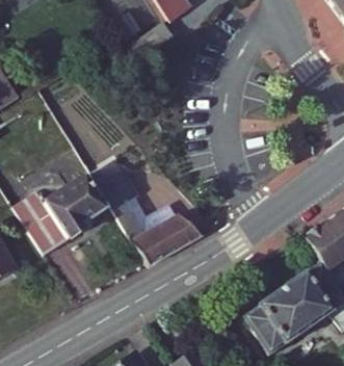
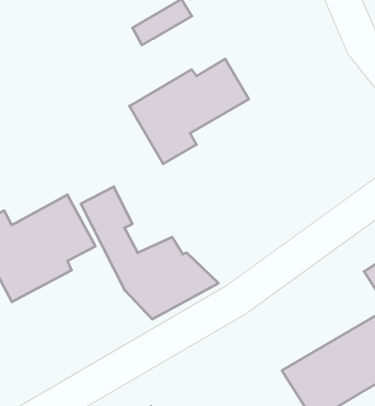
building: none -> [129,59,249,164]

